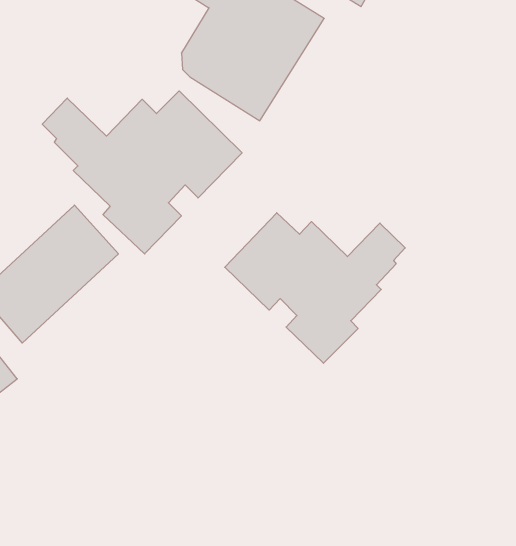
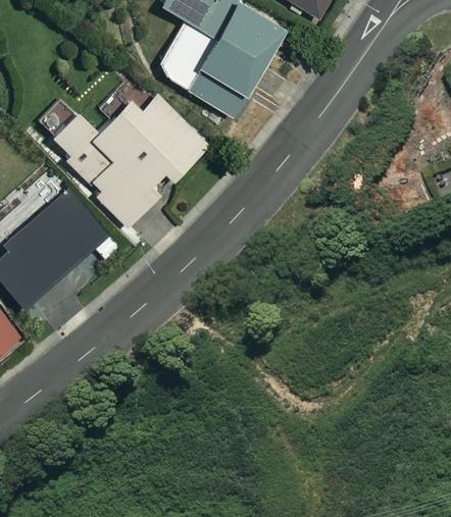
building: [225,213,405,363] -> none

